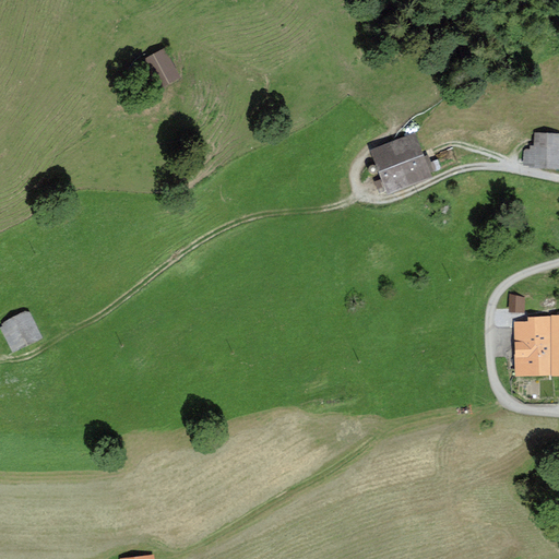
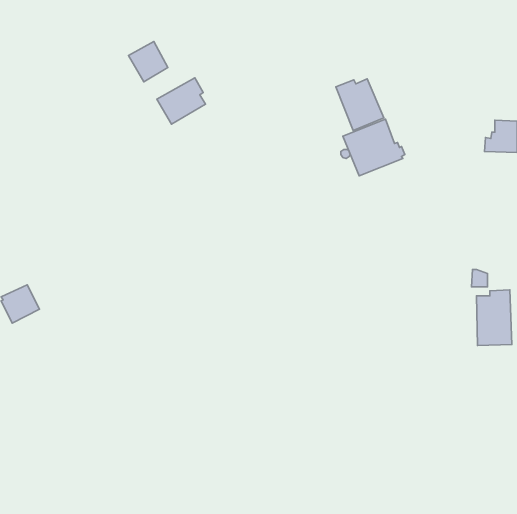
building: none -> [157,78,206,124]
building: none -> [336,79,384,130]

